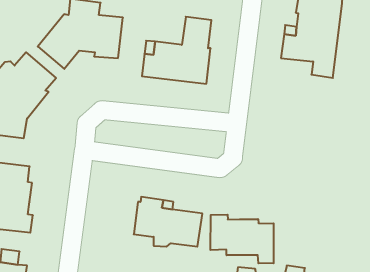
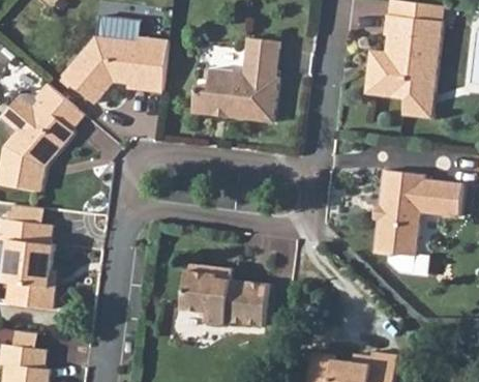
building: none -> [372,170,461,254]
building: [210,215,274,263] -> none

